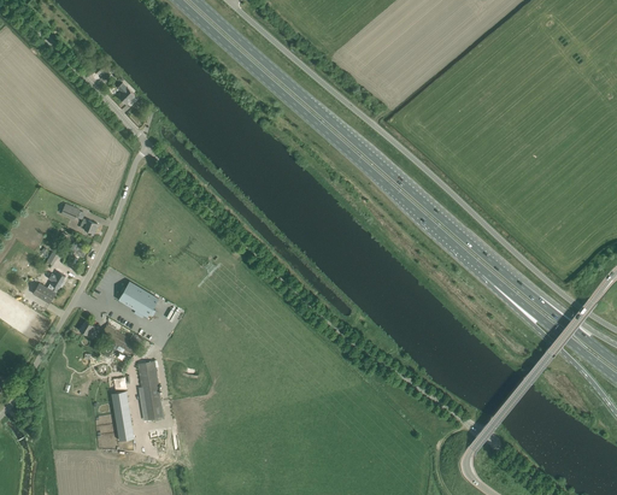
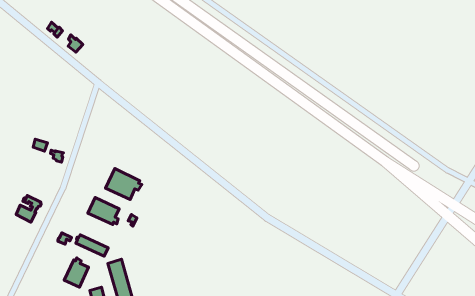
building: none -> [106,169,142,199]
building: none -> [64,258,88,287]

